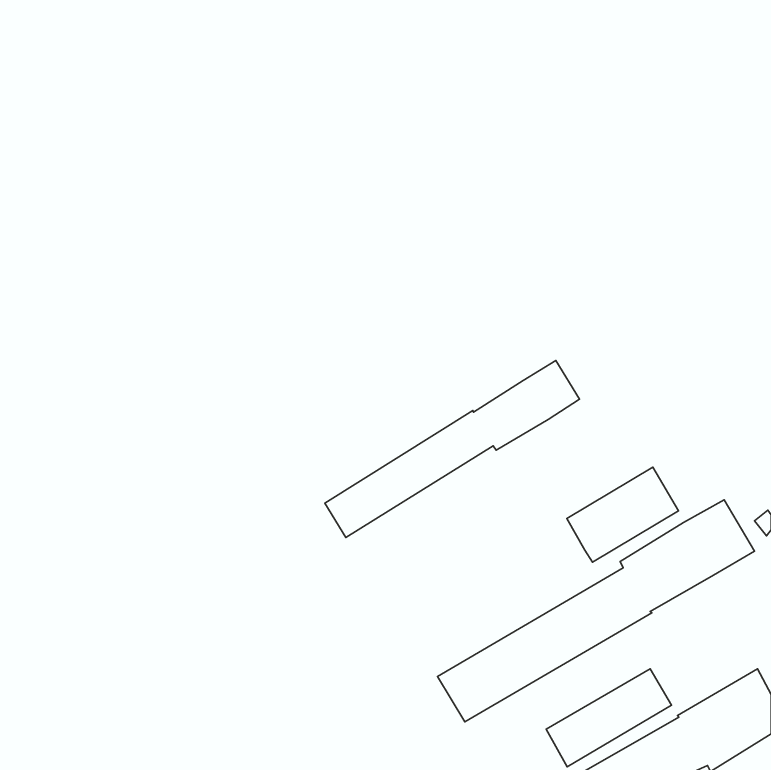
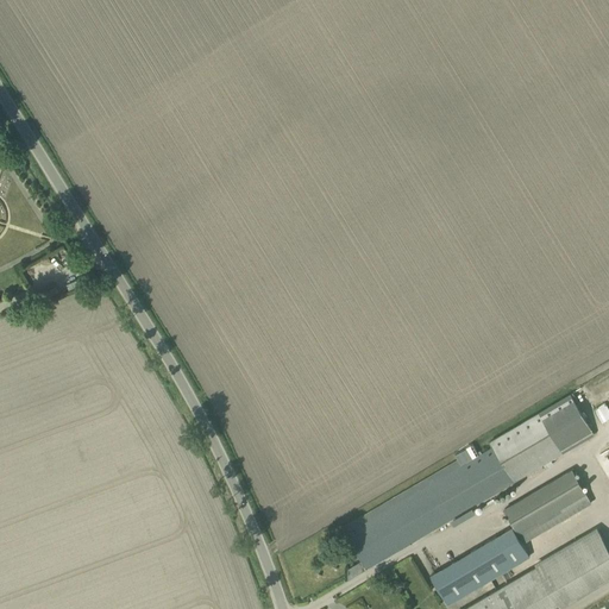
building: [325,361,580,537] -> none
building: [567,467,678,562] -> [503,470,591,545]

